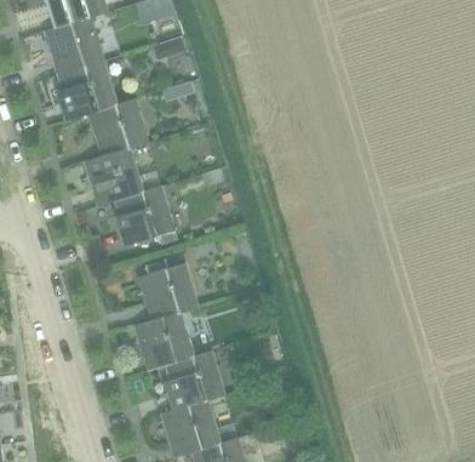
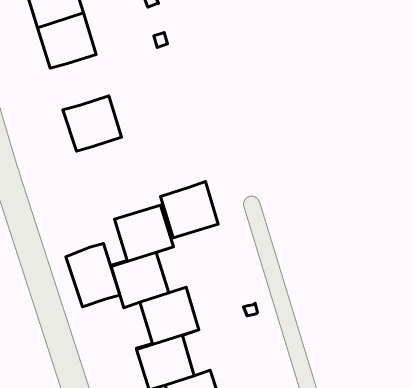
building: [87,98,148,158] -> none
building: [114,186,174,245] -> [161,181,218,238]
building: none -> [66,244,120,307]

